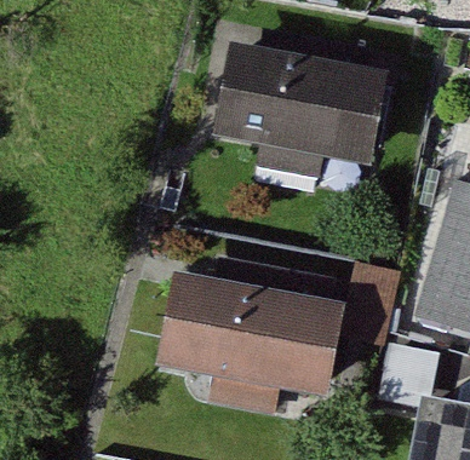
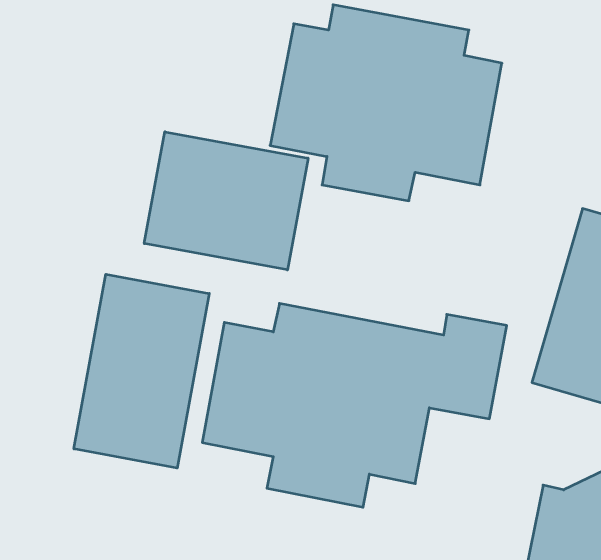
building: none -> [144,132,308,270]
building: none -> [74,274,209,468]

